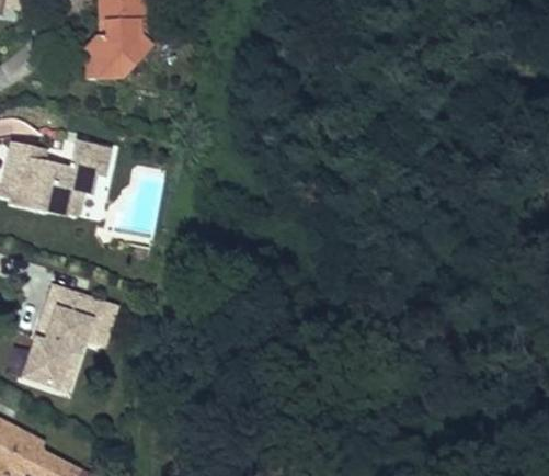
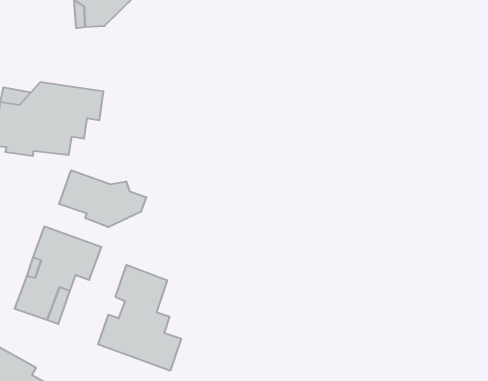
building: none -> [59,170,146,227]
building: none -> [98,265,181,371]

